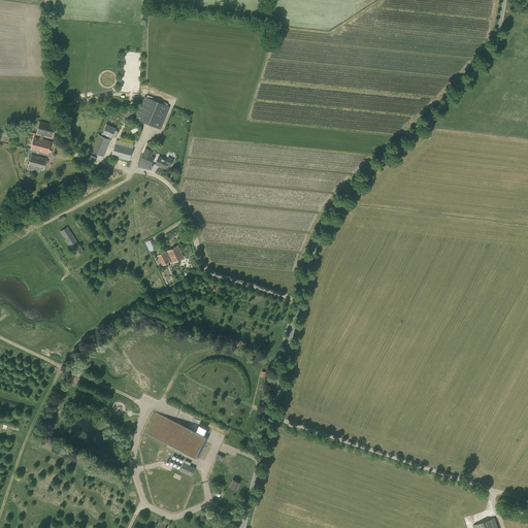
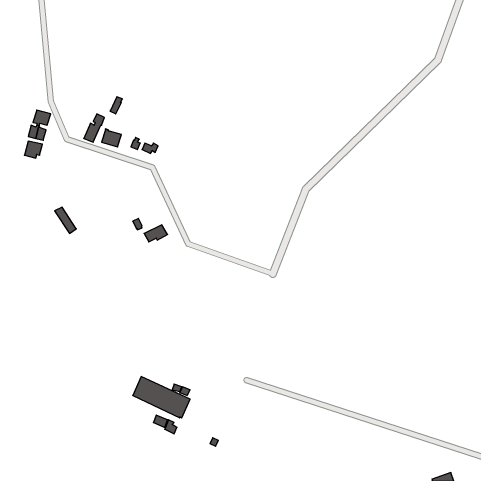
building: [136,96,170,129] -> none

